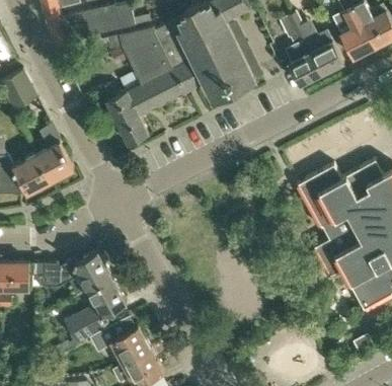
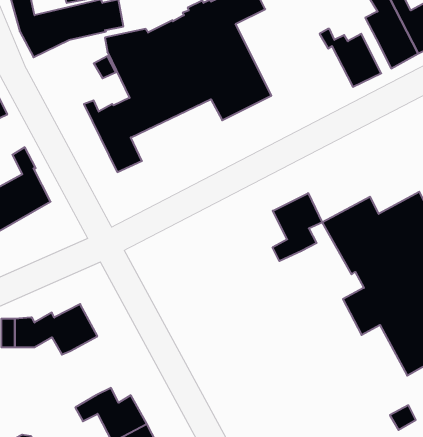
building: [282,12,321,84] -> none
building: none -> [273,193,322,261]
building: [66,278,126,344] -> none

